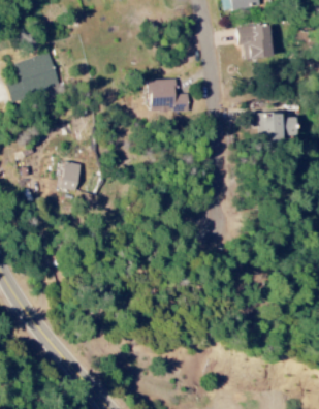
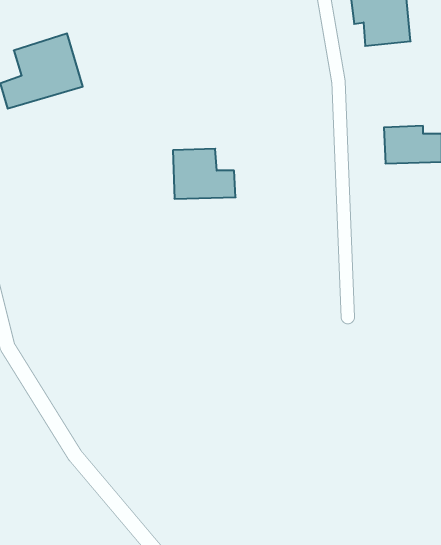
building: [148,78,189,112] -> [173,149,236,199]
building: [60,160,83,190] -> none

